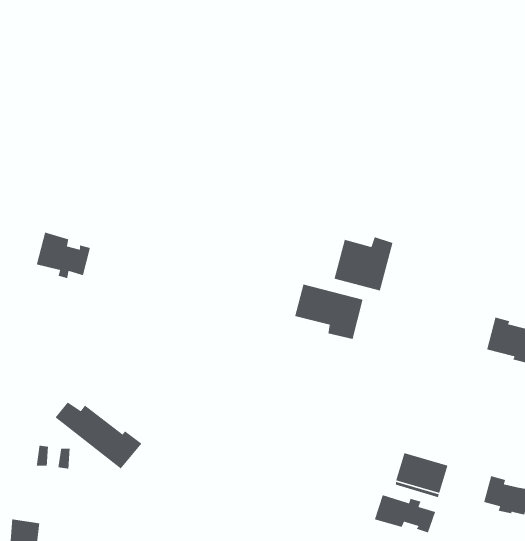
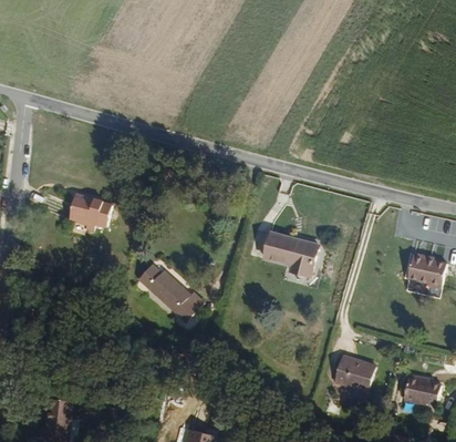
building: [334,236,394,291] -> none
building: [55,402,143,469] -> [133,261,200,313]
building: [374,494,436,533] -> none

